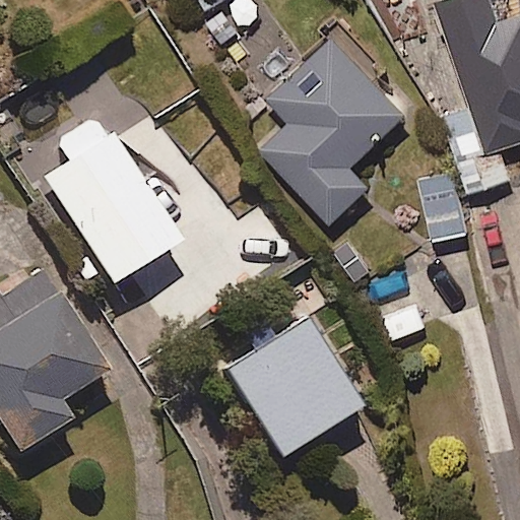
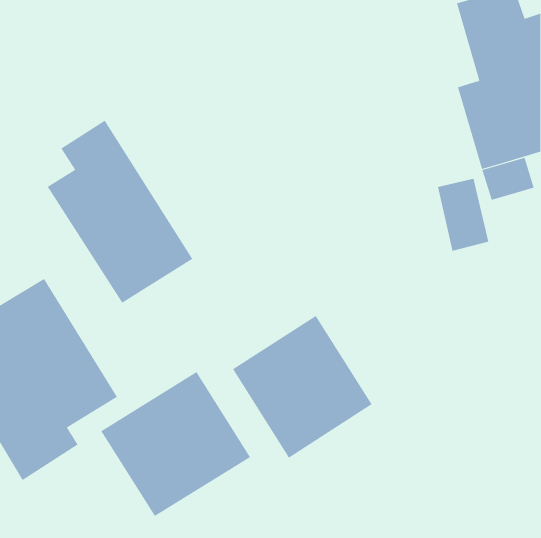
building: [264,24,410,225] -> none
building: none -> [100,371,251,517]

